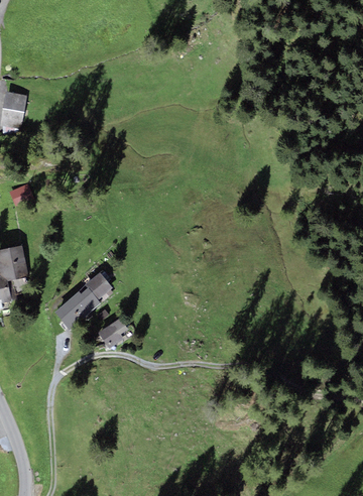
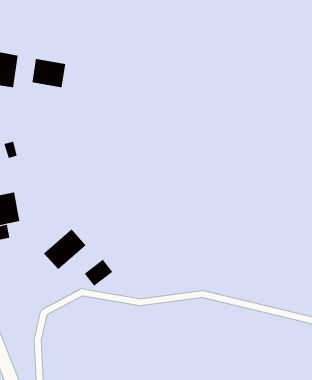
building: none -> [32,58,66,88]
building: [85,272,114,302] -> none

